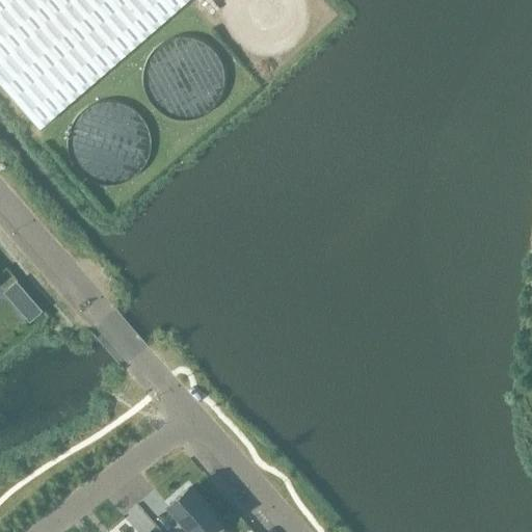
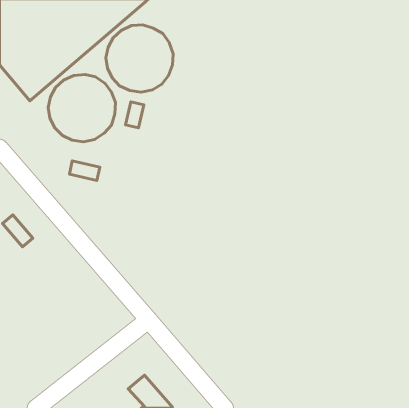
building: none -> [126,102,144,128]
building: none -> [69,161,100,180]

